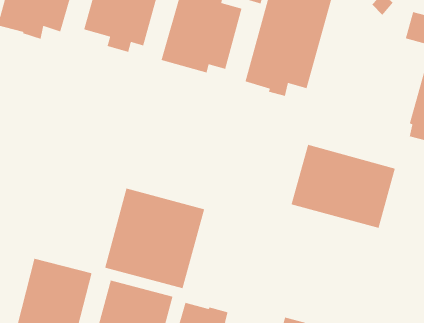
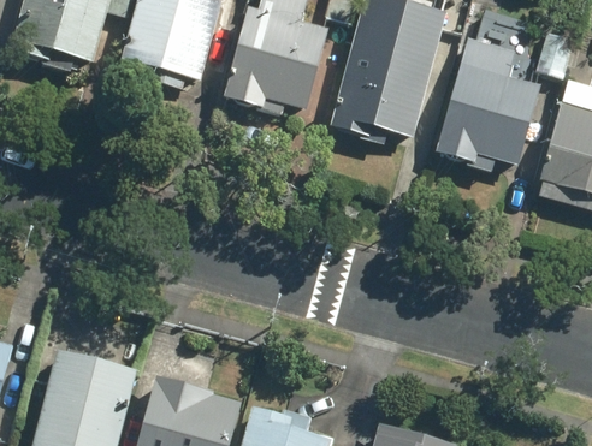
building: none -> [437,36,538,170]
building: [291,144,396,229] -> none
building: [104,188,205,289] -> none

